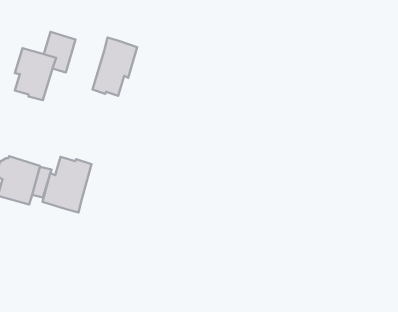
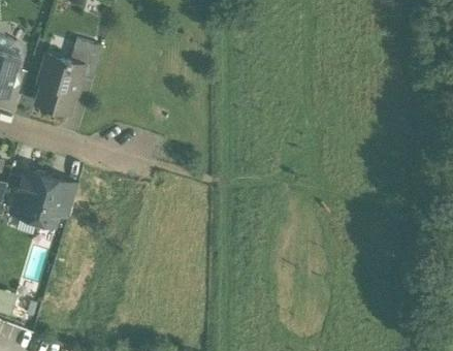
building: [93,37,137,96] -> none
building: [42,157,92,213] -> none

